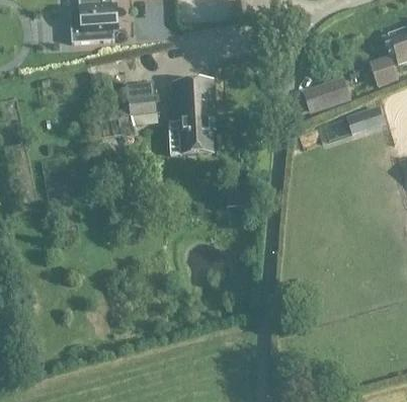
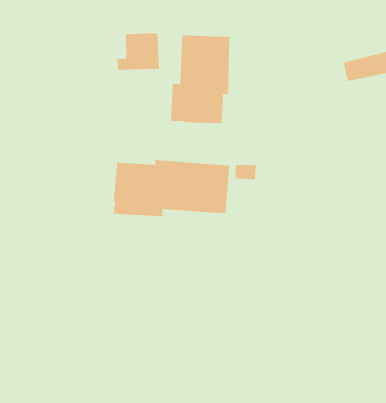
building: none -> [113,159,230,217]

